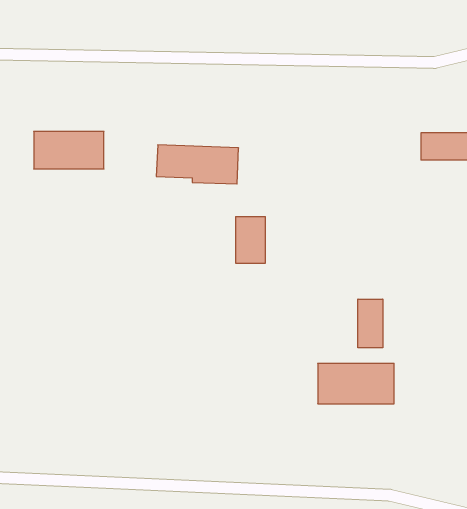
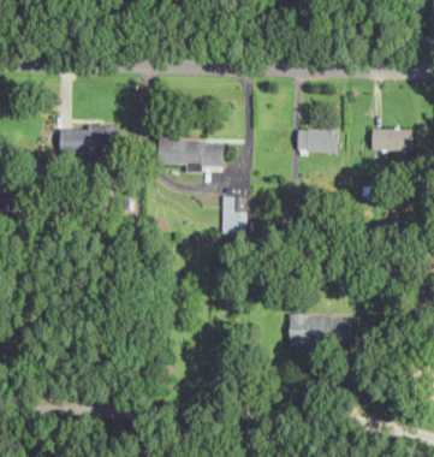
building: none -> [297,127,337,152]
building: [358,299,383,348] -> none

